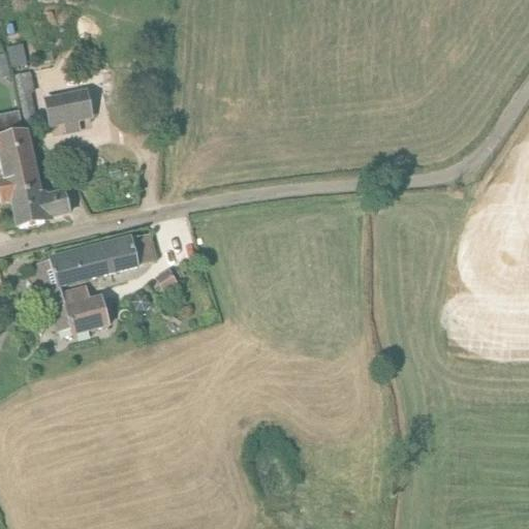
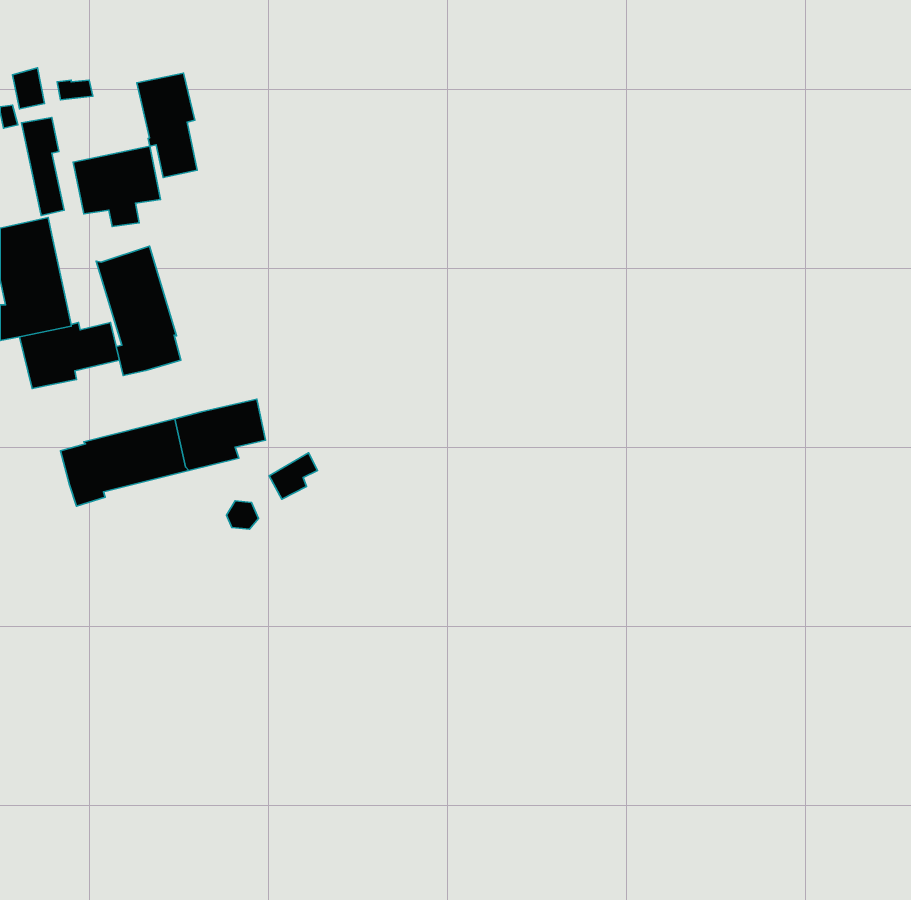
building: none -> [137,73,197,177]
building: none -> [96,246,181,375]
building: [44,283,108,332] -> none

